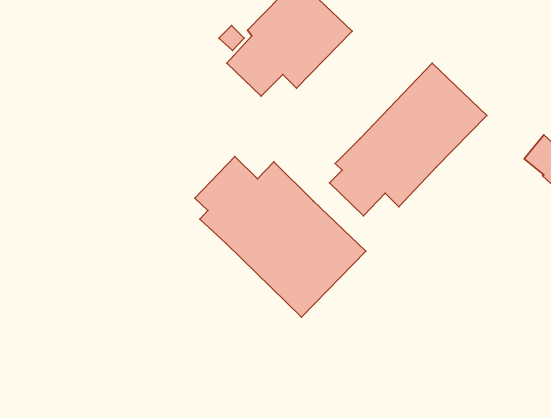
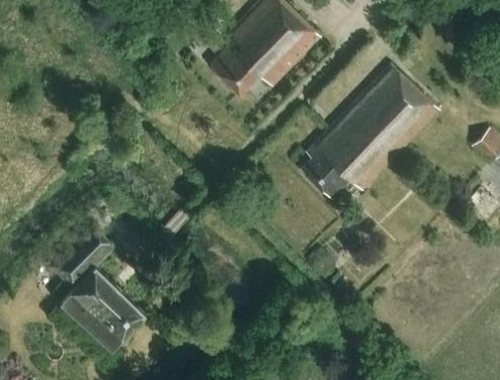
building: [195,157,366,317] -> none
building: none -> [50,224,143,348]

